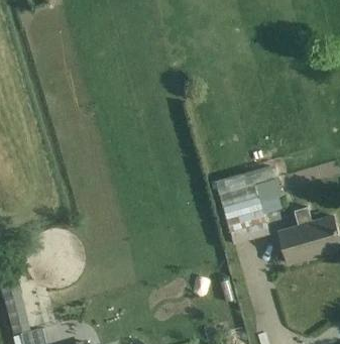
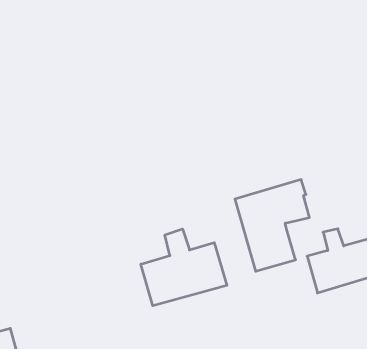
building: none -> [141,229,227,306]

